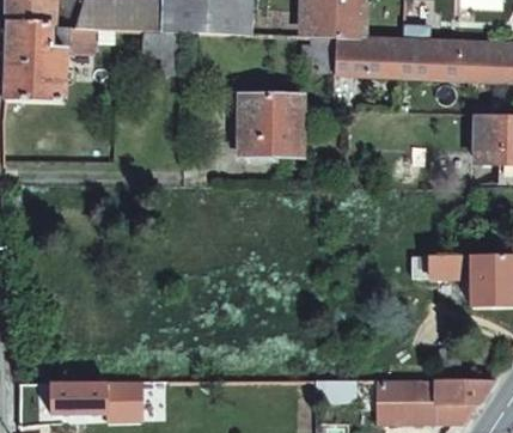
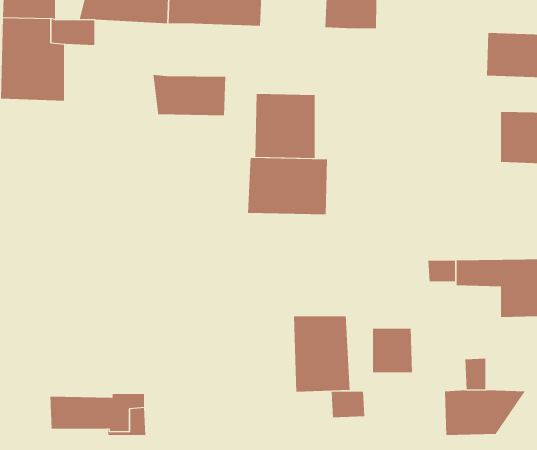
building: [335,36,462,80] -> none
building: none -> [153,74,226,116]
building: none -> [248,157,327,215]
building: none -> [293,315,350,392]
building: [384,377,422,419] -> [372,328,413,373]

